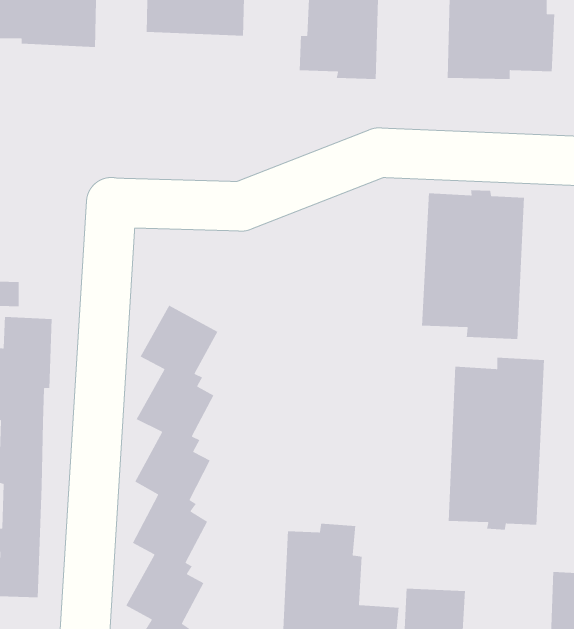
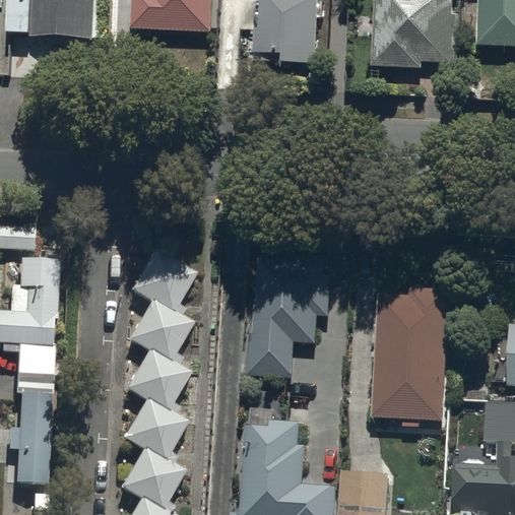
building: [421,189,525,340] -> none
building: none -> [251,257,331,375]

